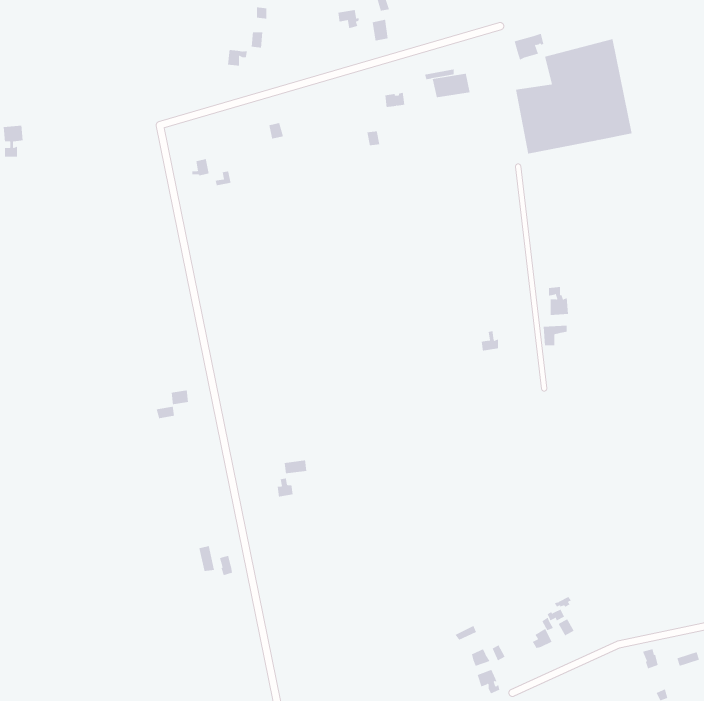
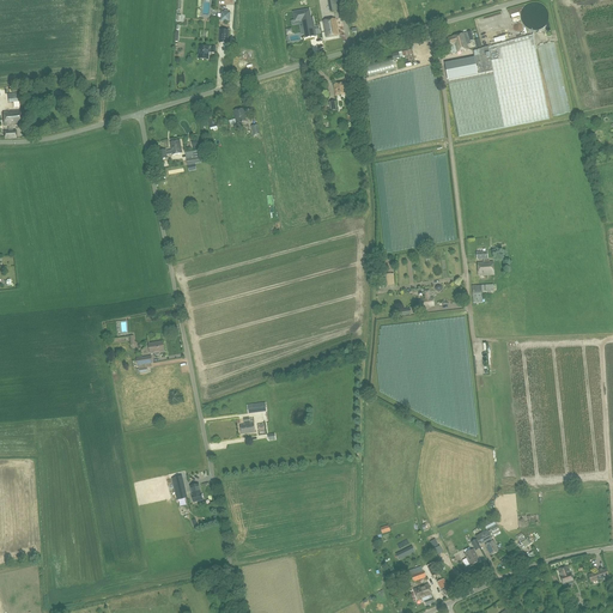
building: [432,73,471,98] -> [444,56,478,78]

